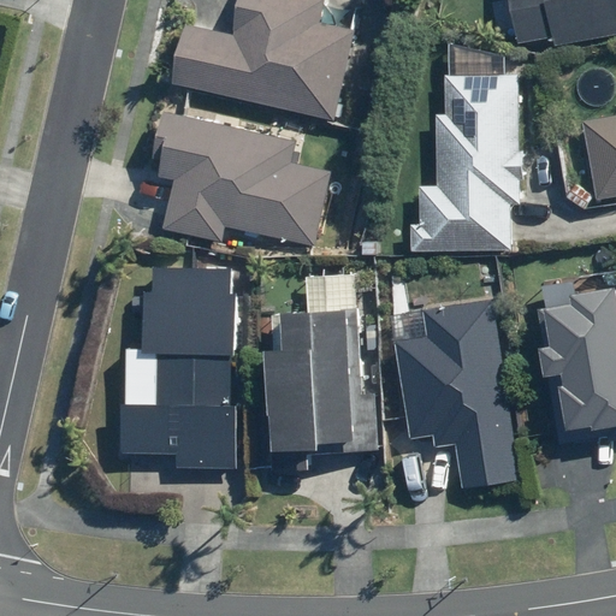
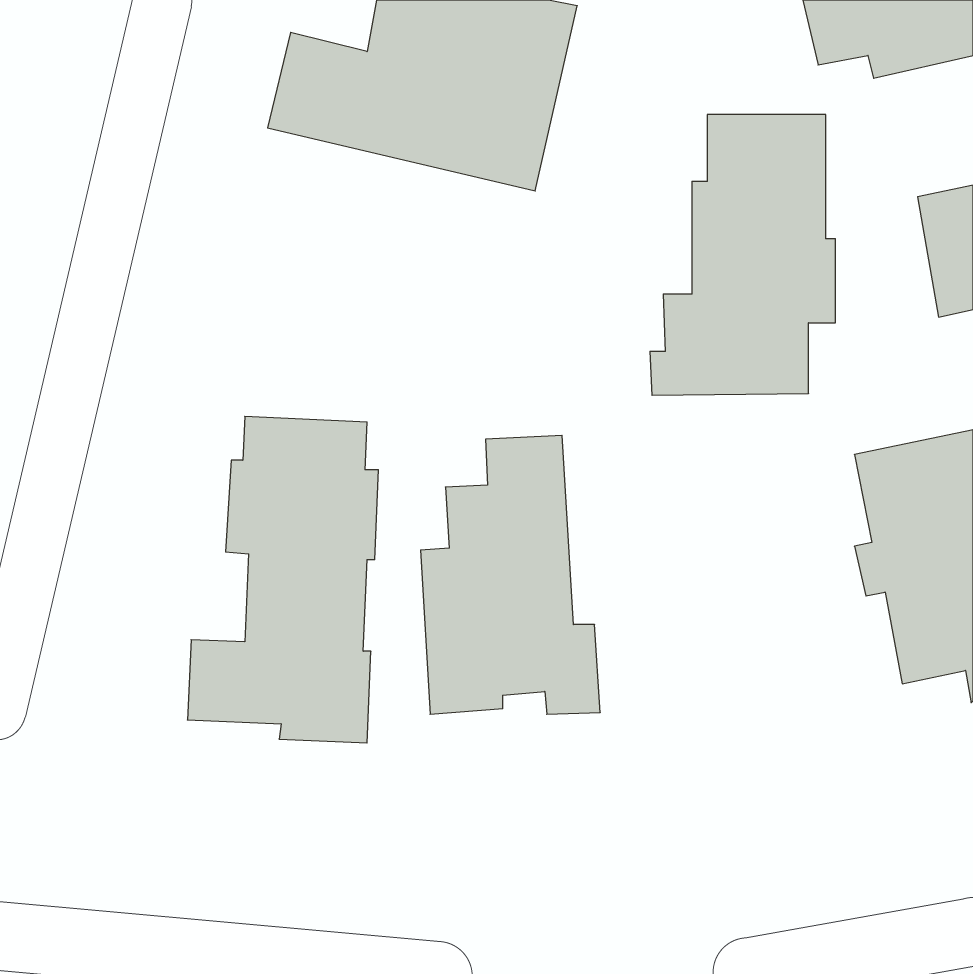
building: [155,109,328,248] -> none
building: [392,300,523,492] -> none

